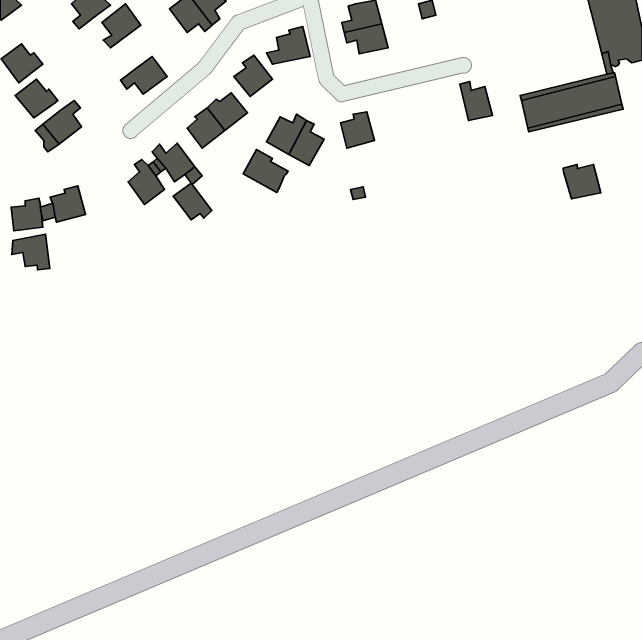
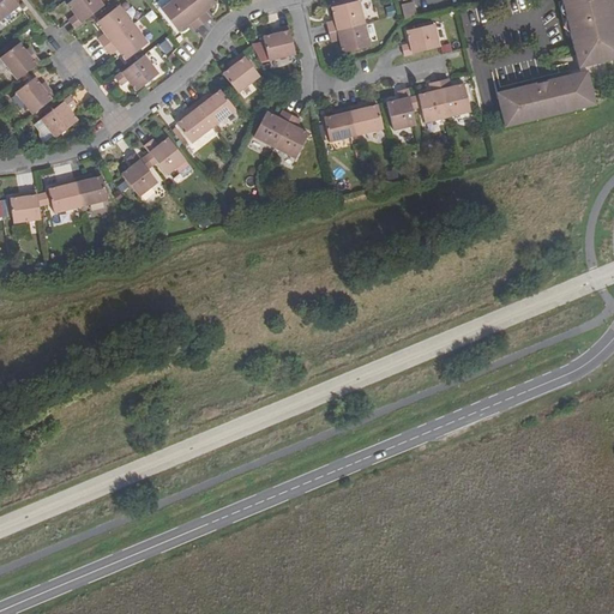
building: none -> [402,23,440,55]
building: none -> [106,24,148,59]
building: none -> [419,80,447,121]
building: none -> [387,88,416,128]
building: none -> [350,104,383,134]
building: [243,149,288,192] -> none
building: [563,165,601,199] -> none
building: [173,183,212,220] -> none
building: none -> [74,175,108,205]
building: [12,234,50,270] -> none

